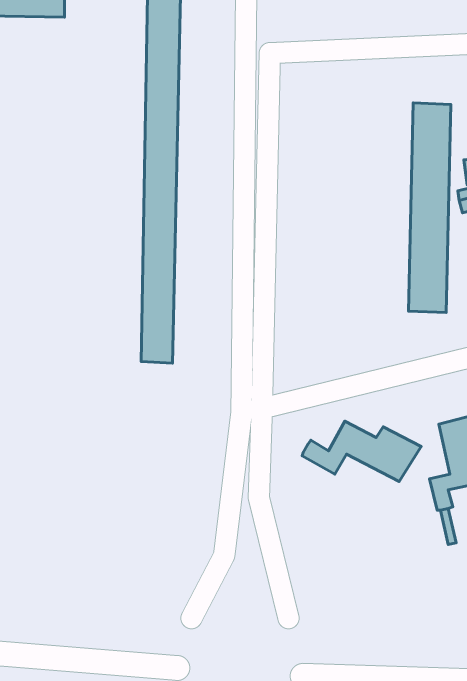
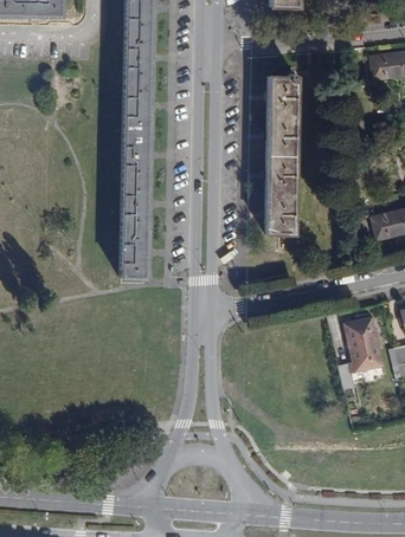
building: [409,103,451,313] -> [264,76,296,234]
building: [302,421,421,481] -> none

